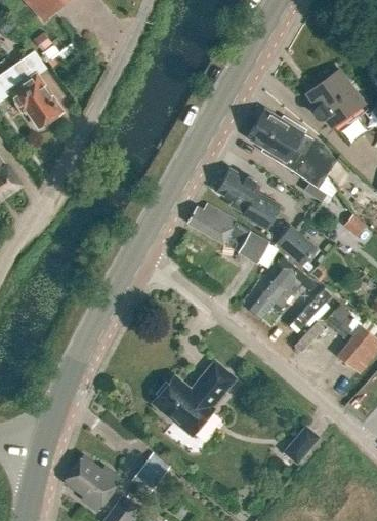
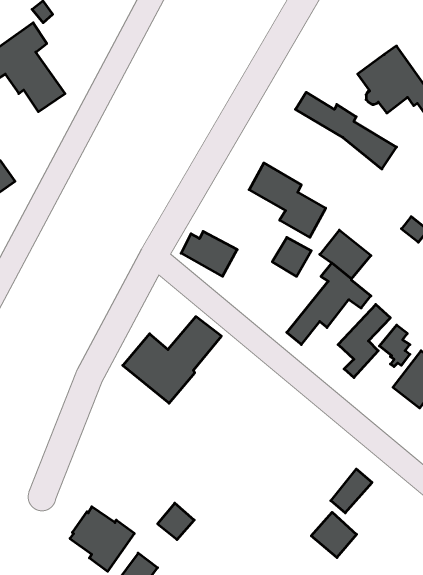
building: [247,123,328,202] -> none
building: [188,205,236,243] -> [181,231,237,276]
building: [154,361,237,434] -> [123,317,221,403]
building: none -> [311,512,357,558]

